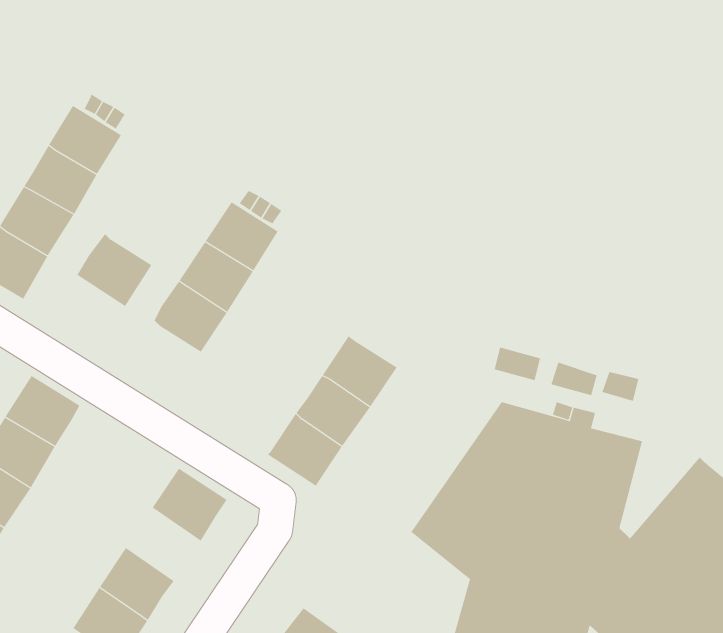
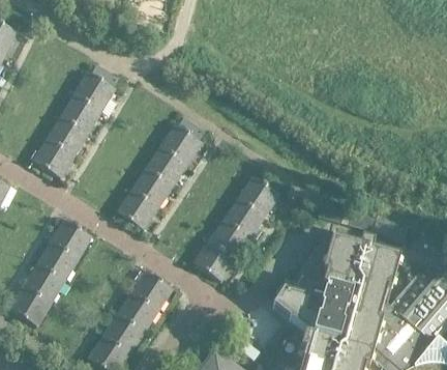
building: [76,233,152,307] -> [116,191,157,231]
building: none -> [238,177,279,217]
building: none -> [116,293,157,334]

